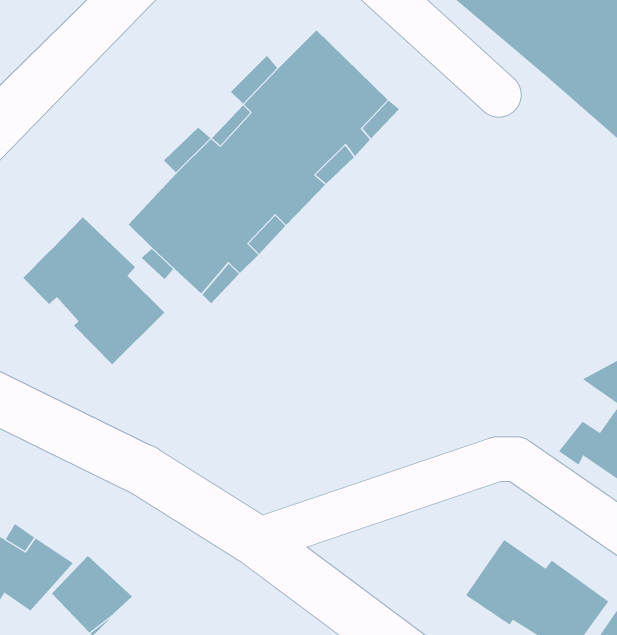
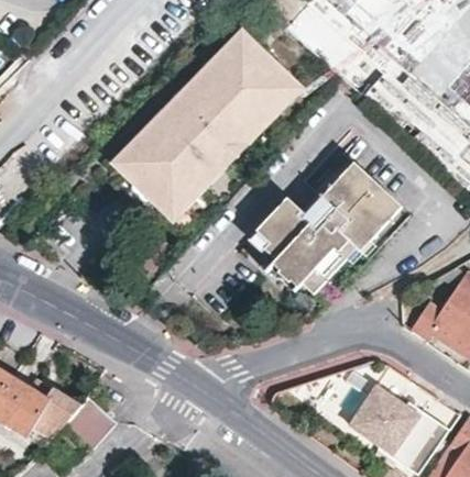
building: none -> [258,160,404,293]
building: [22,217,165,365] -> none

